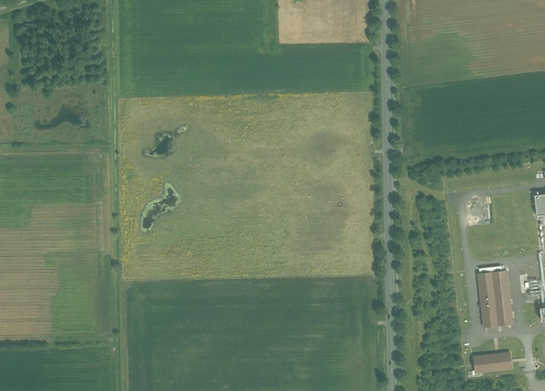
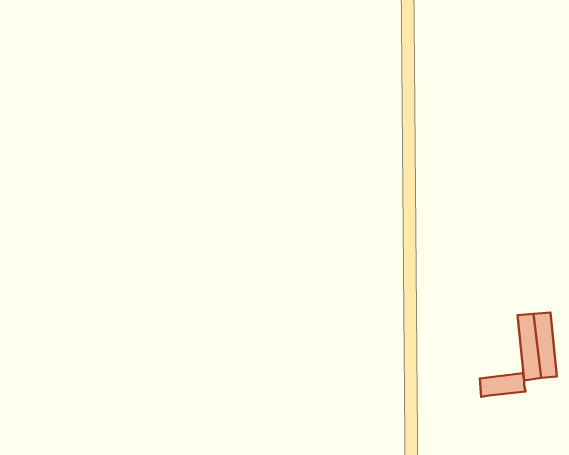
building: [474,353,512,372] -> [480,373,526,397]

